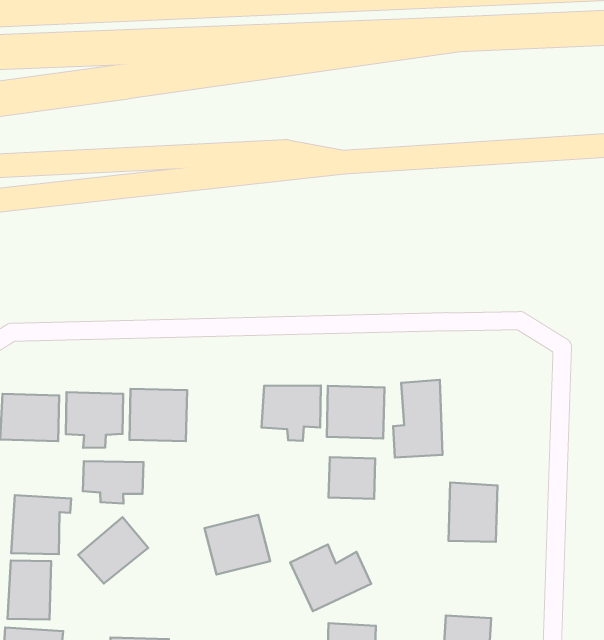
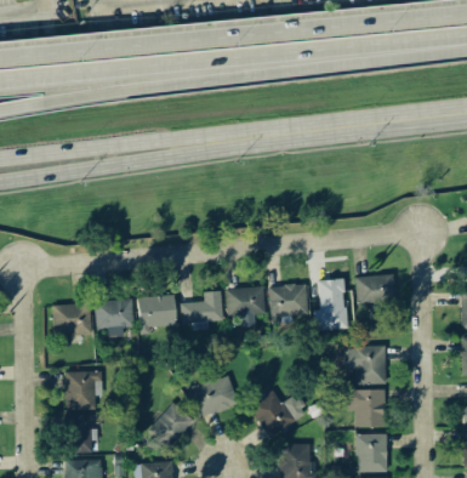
building: none -> [357,275,395,303]
building: none -> [182,291,223,323]
building: [329,457,375,499] -> none
building: [83,461,143,503] -> none
building: [78,517,148,584] -> [148,403,194,448]
building: none -> [348,389,383,427]

